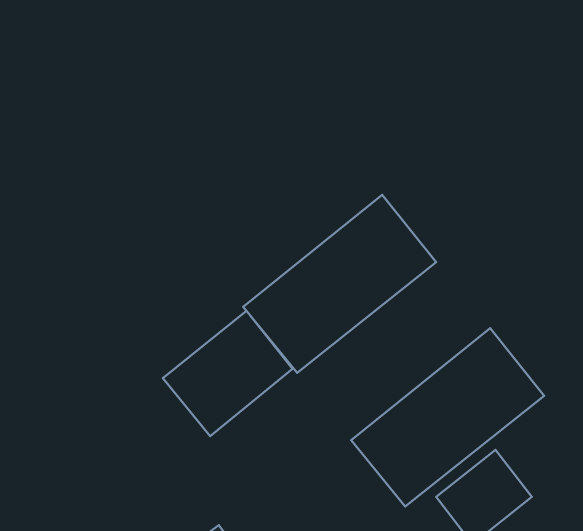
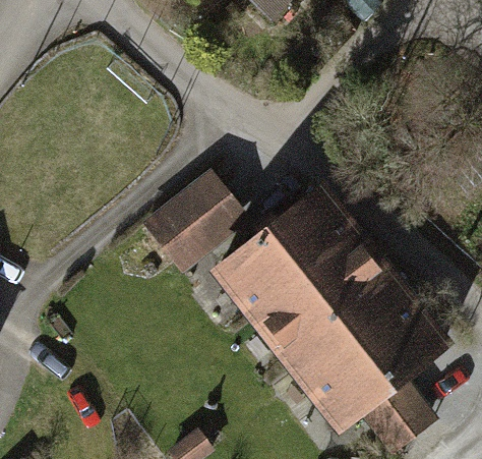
building: none -> [255,236,401,370]
building: [163,311,292,436] -> [144,173,242,268]

